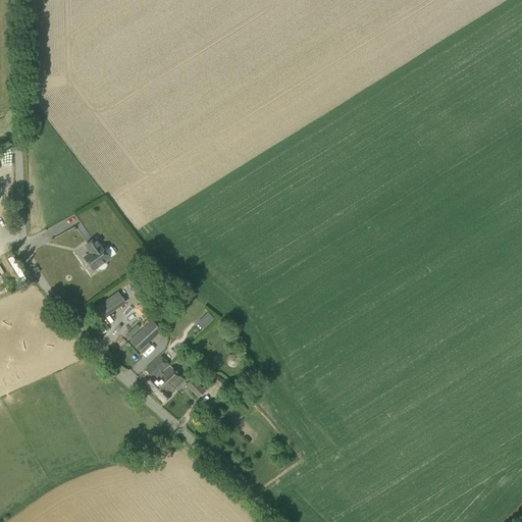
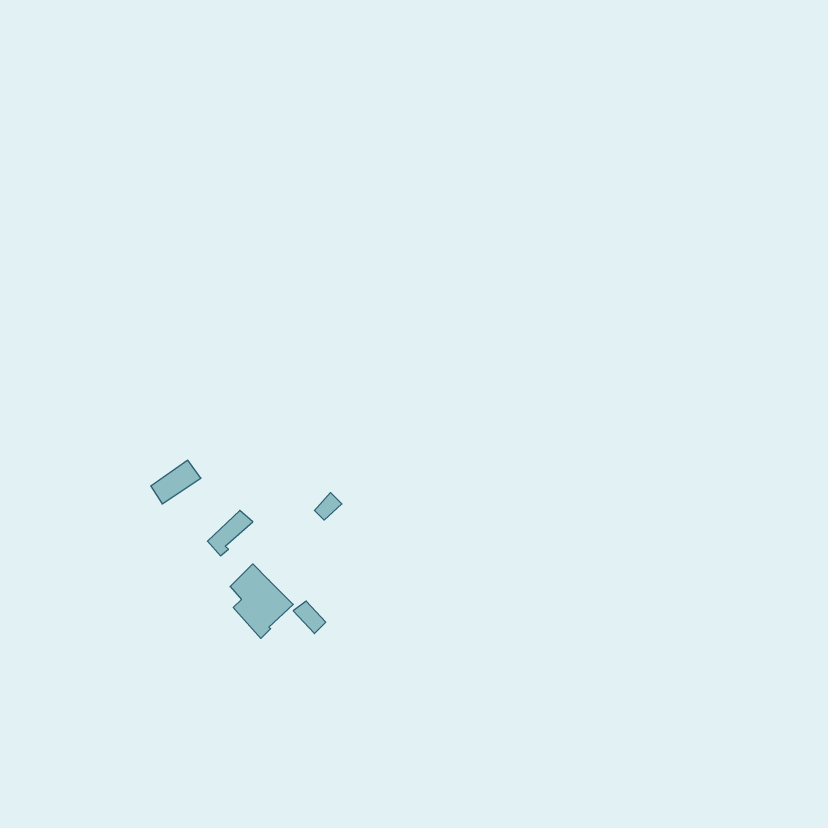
building: [85,238,109,269] -> none

